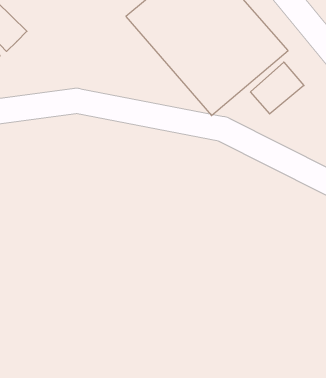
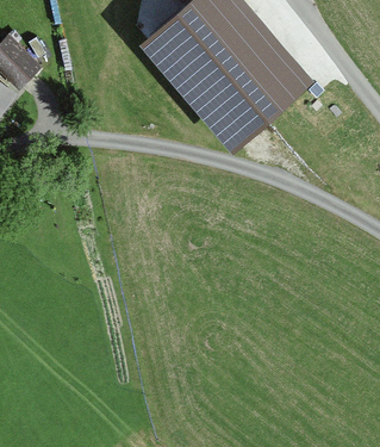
building: [251,62,304,114] -> none

